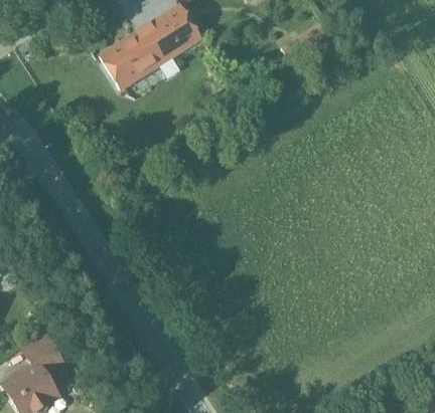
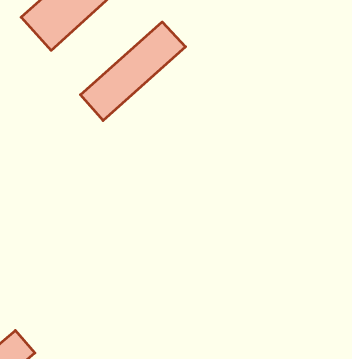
building: none -> [80,22,186,121]

